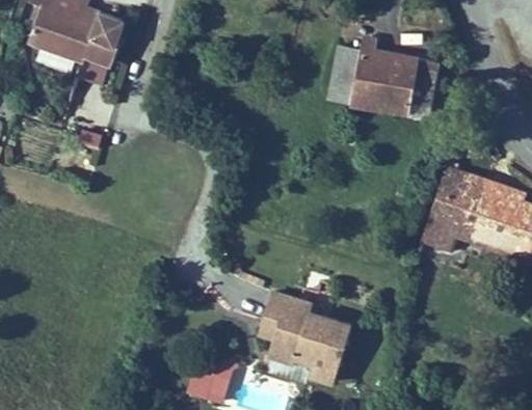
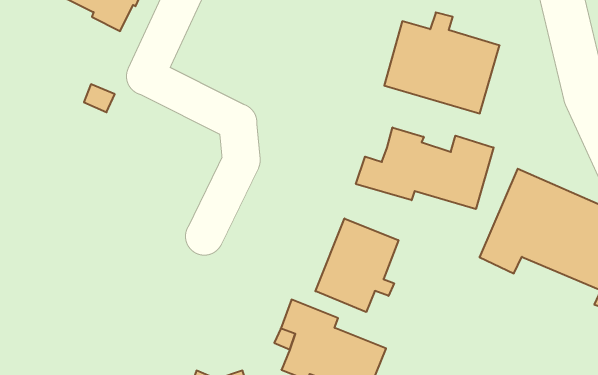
building: none -> [356,127,494,209]
building: none -> [315,218,398,312]

